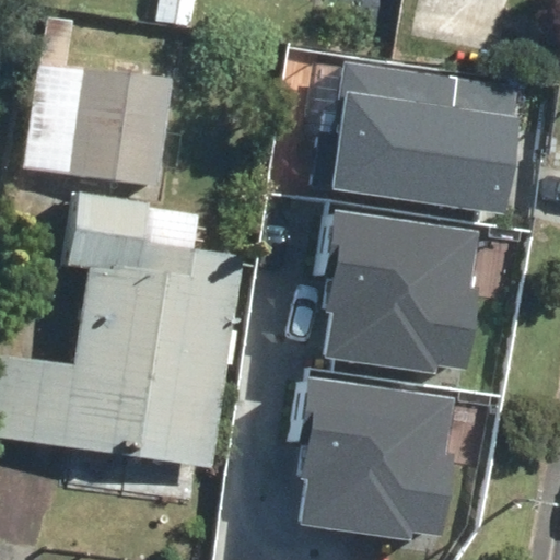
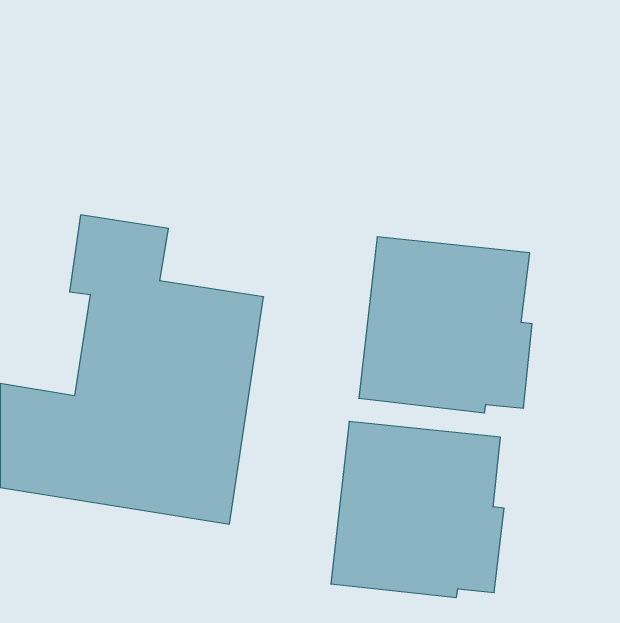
building: [337,63,523,210] -> none
building: [16,68,163,189] -> none

